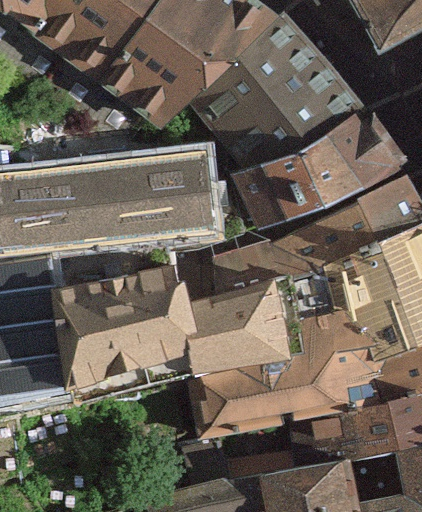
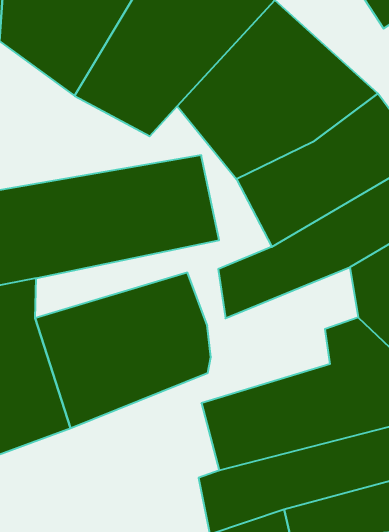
building: [195,280,314,379] -> none

